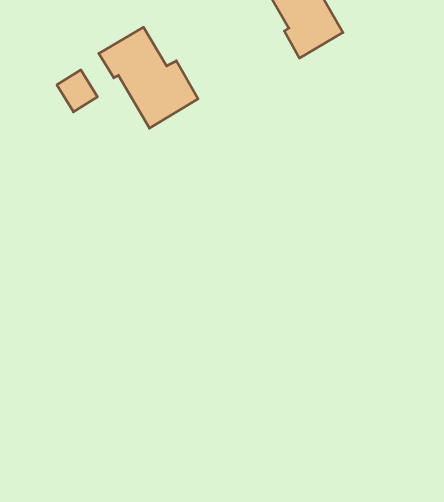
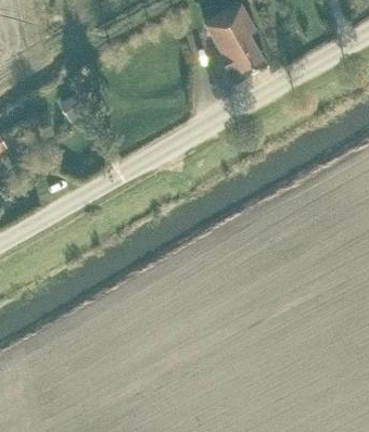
building: [99,27,198,128] -> none

